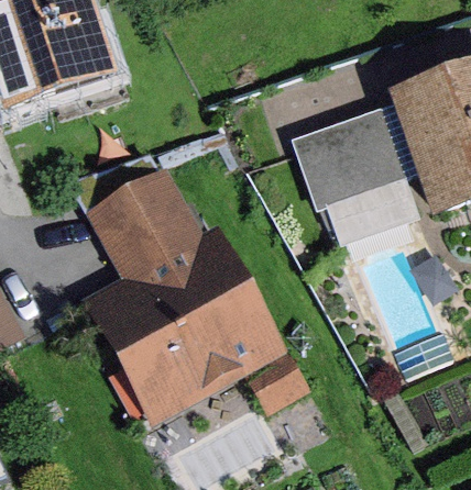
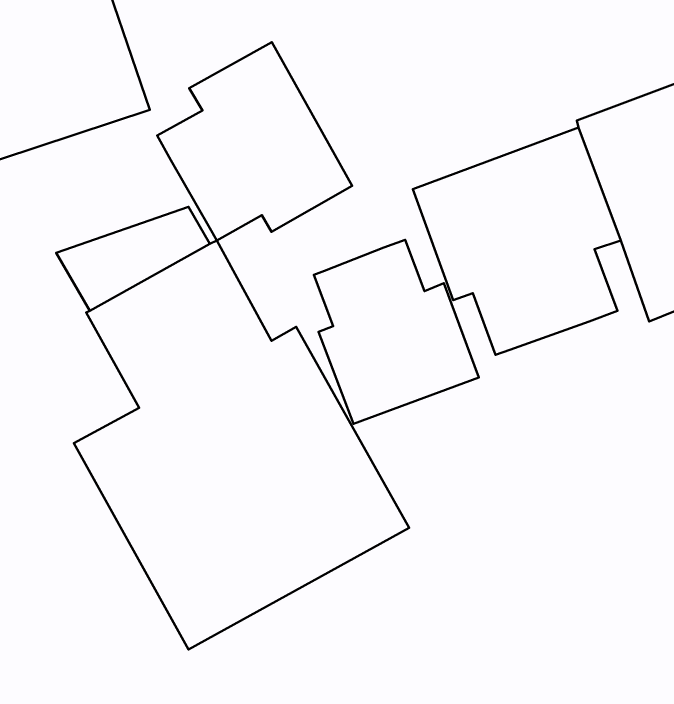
building: none -> [157,42,352,240]
building: none -> [314,240,479,424]

